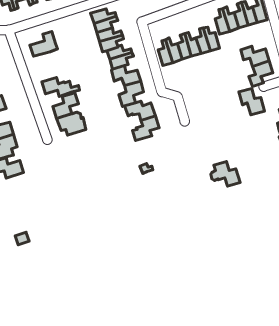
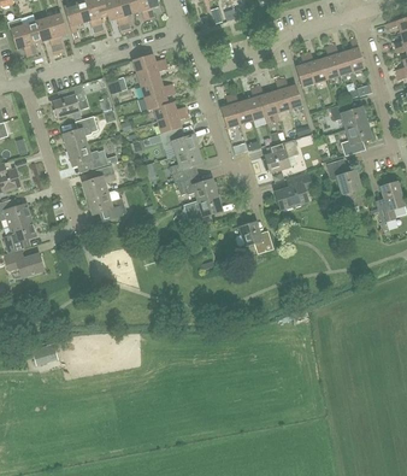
building: none -> [63,114,98,149]
building: none -> [261,139,297,171]
building: none -> [276,174,311,208]
building: [211,161,240,186] -> [235,221,273,253]

